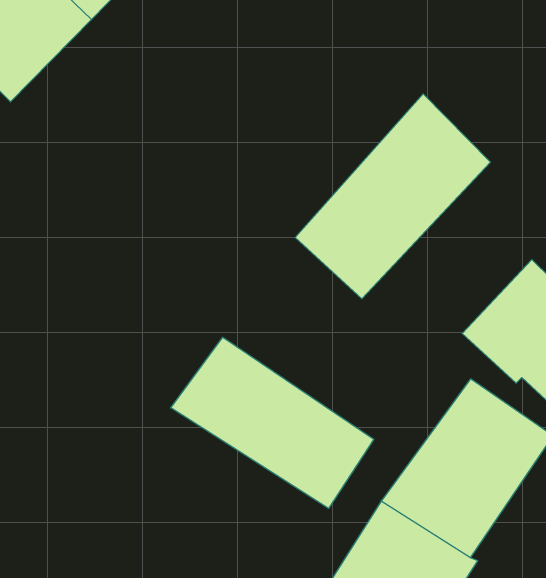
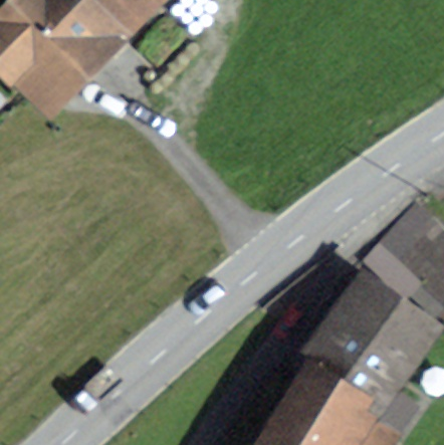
building: [295,94,490,299] -> none
building: [171,337,374,508] -> none

